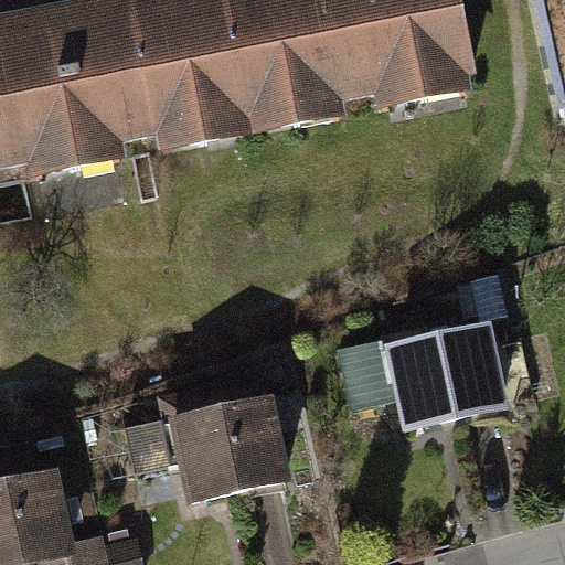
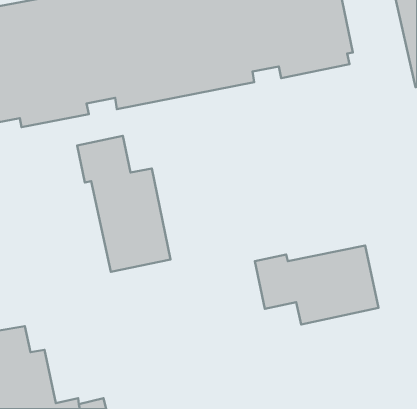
building: none -> [77,136,171,272]
building: [127,401,292,508] -> none

